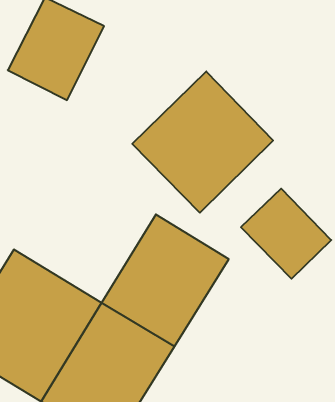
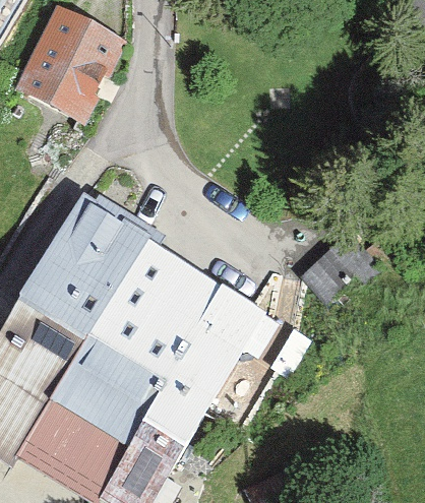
building: [132,71,273,213] -> none
building: none -> [18,197,186,365]

